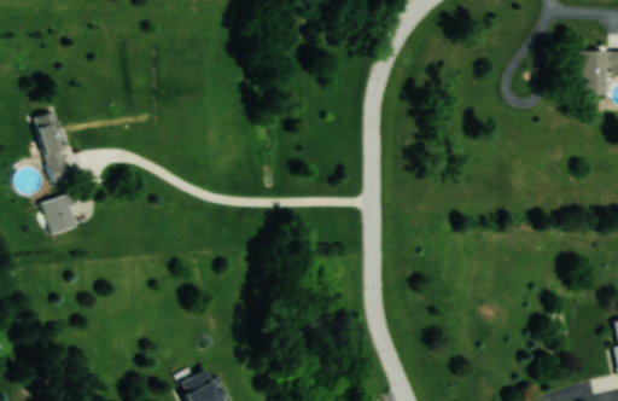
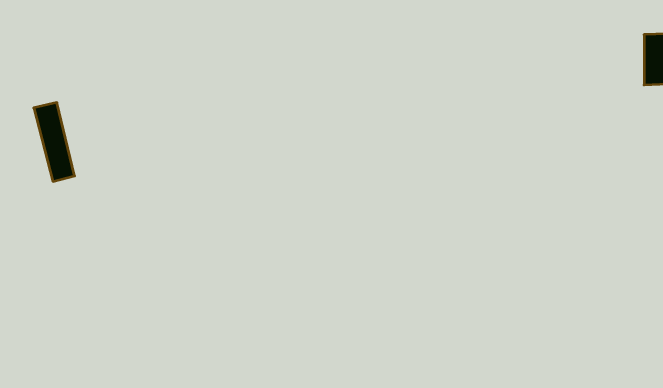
building: [43,196,76,233] -> none

